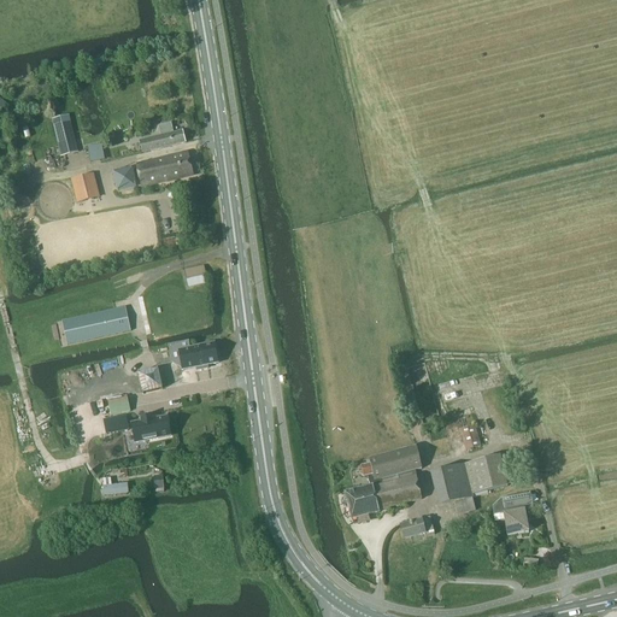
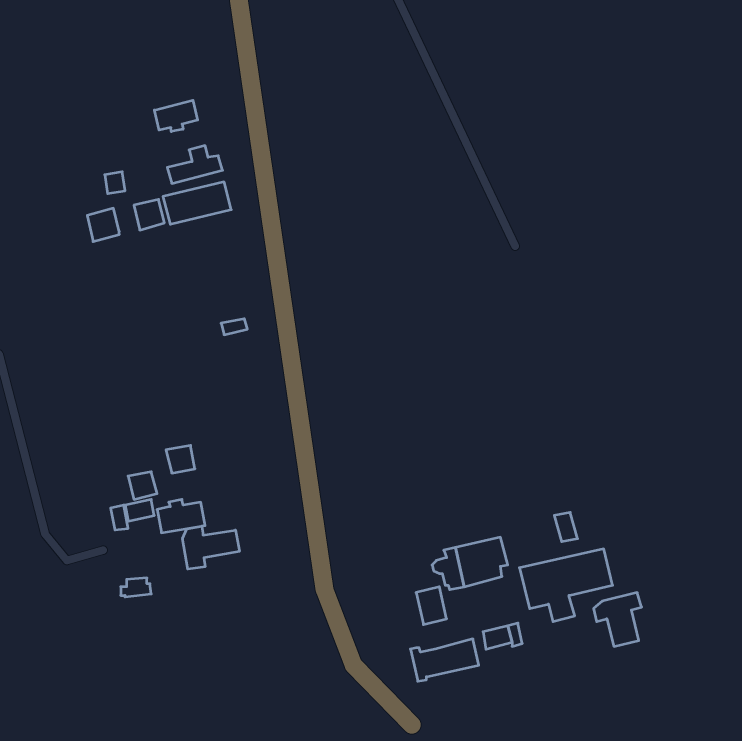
building: none -> [154,100,198,132]
building: [51,114,77,154] -> none
building: [60,305,130,342] -> none
building: [178,342,217,369] -> none
building: none -> [183,526,239,569]
building: [364,477,421,512] -> [410,639,479,681]

